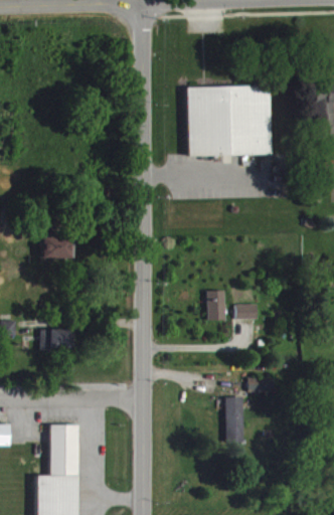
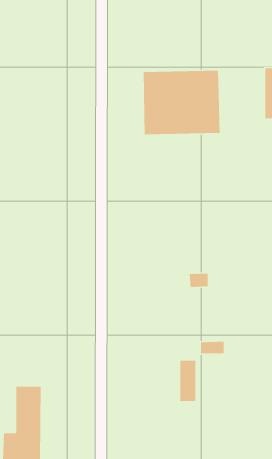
building: [41,236,69,259] -> none
building: [207,291,225,320] -> none
building: [41,329,74,351] -> none

